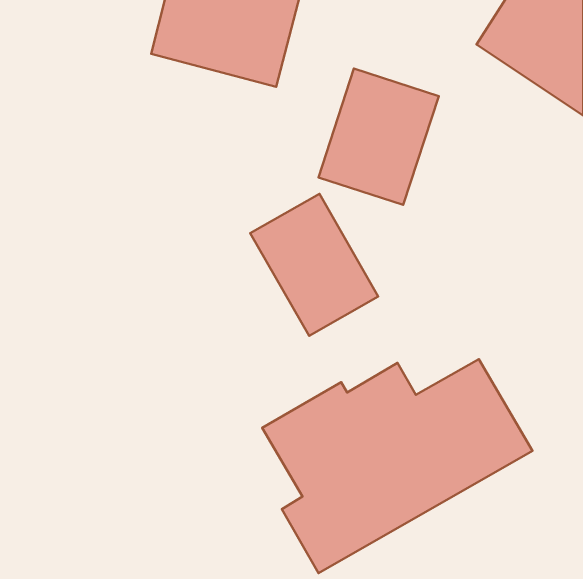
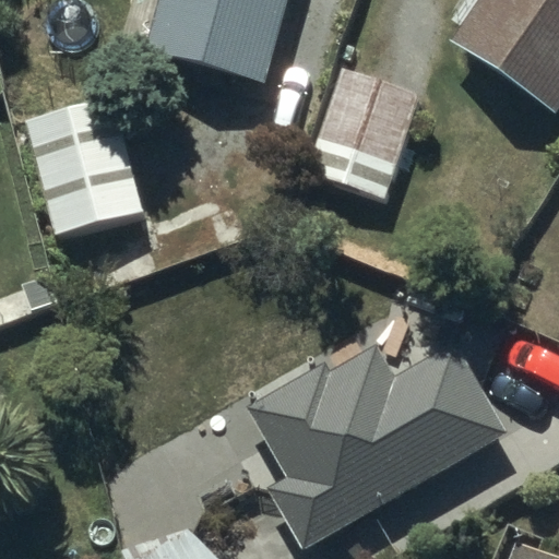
building: none -> [27,96,146,236]
building: [250,194,378,336] -> none

